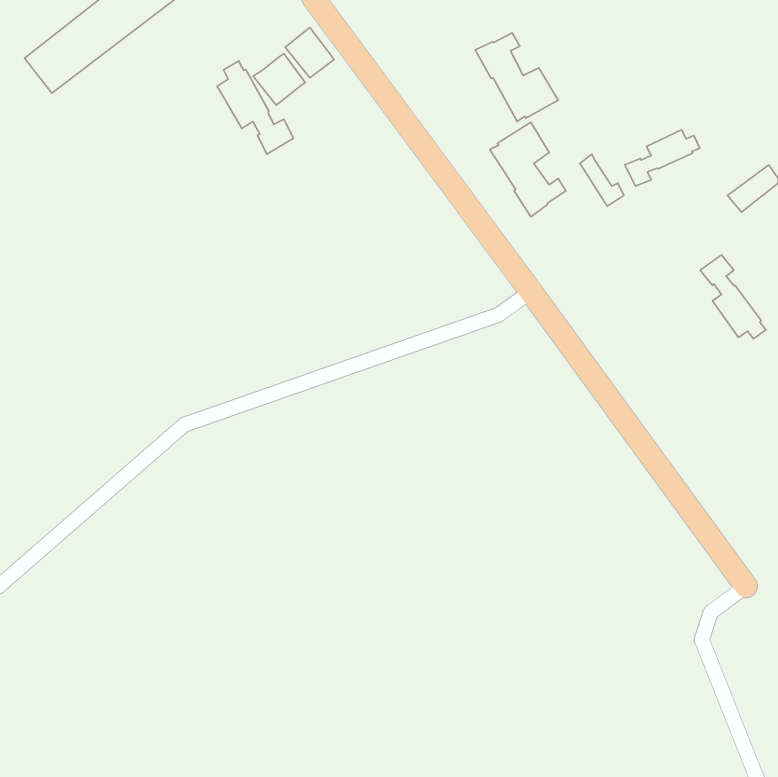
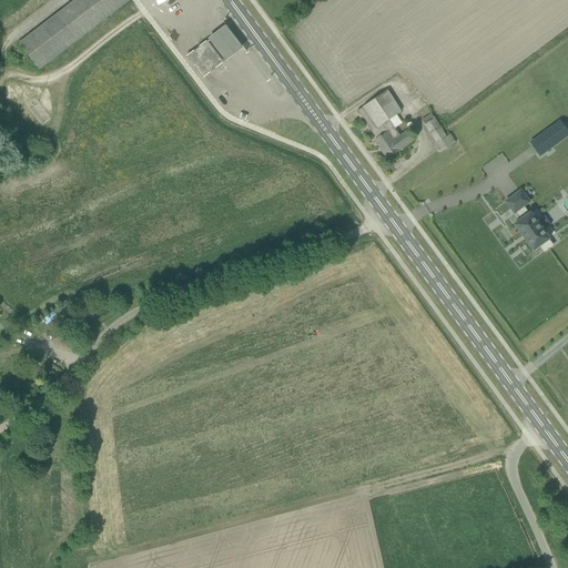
building: [475,33,558,122] -> none
building: [217,61,293,154] -> none
building: [625,130,700,186] -> none

